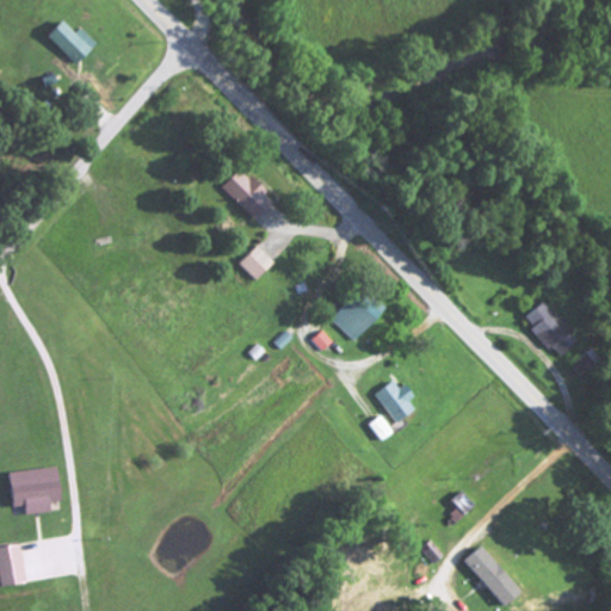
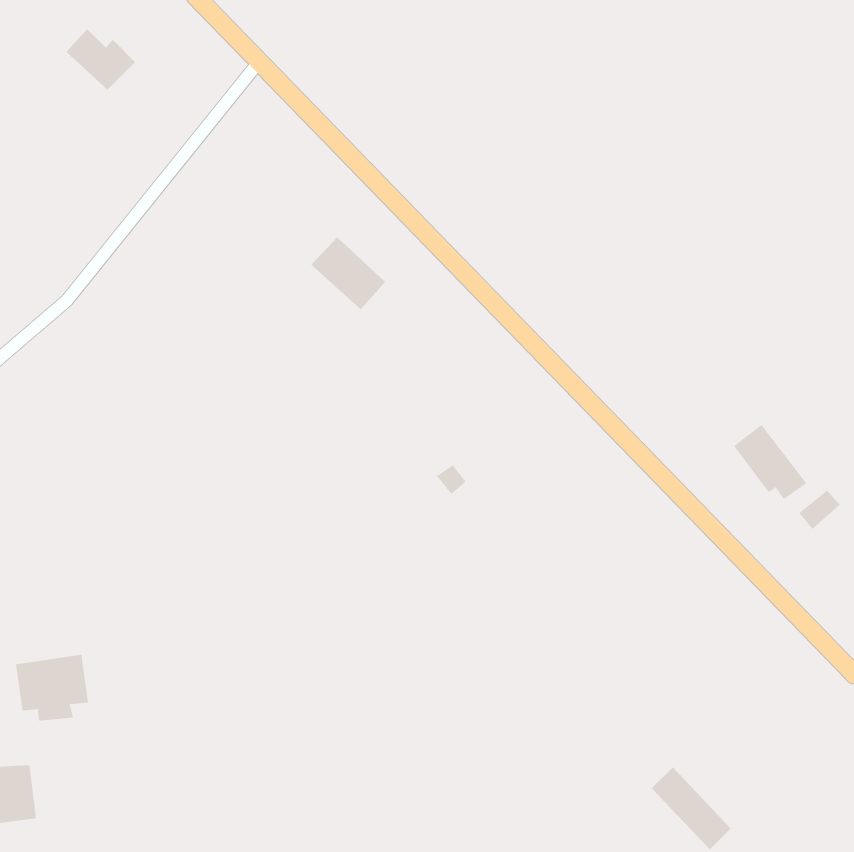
building: [237,245,273,280] -> none
building: [333,292,382,341] -> none
building: [374,379,414,424] -> none

